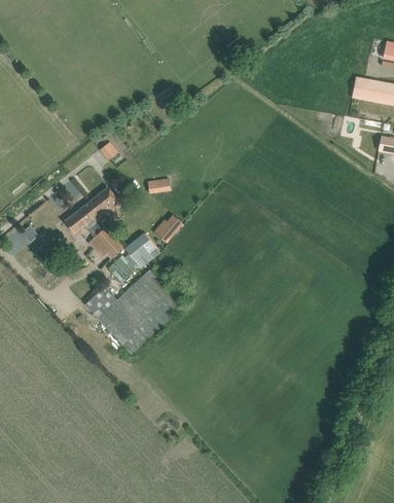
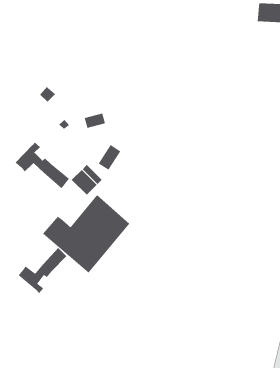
building: [87,187,119,222] -> none
building: [107,254,135,282] -> none
building: none -> [18,247,67,294]

